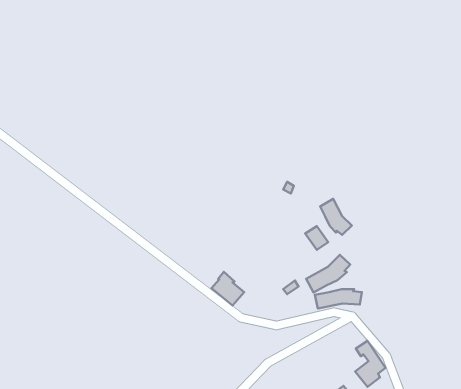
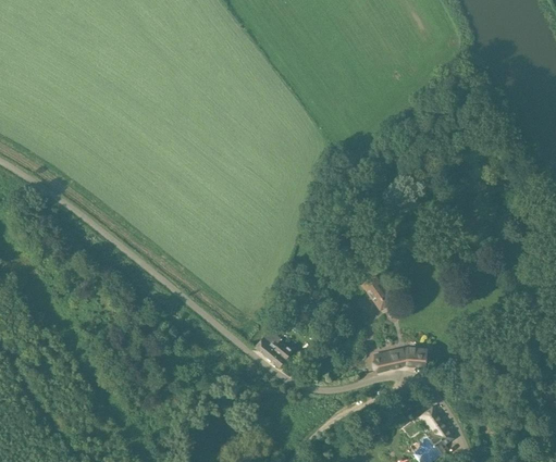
building: [320,199,352,235] -> none
building: [306,255,350,292] -> none

